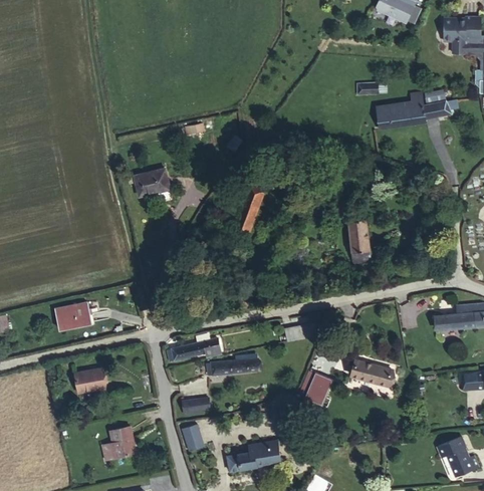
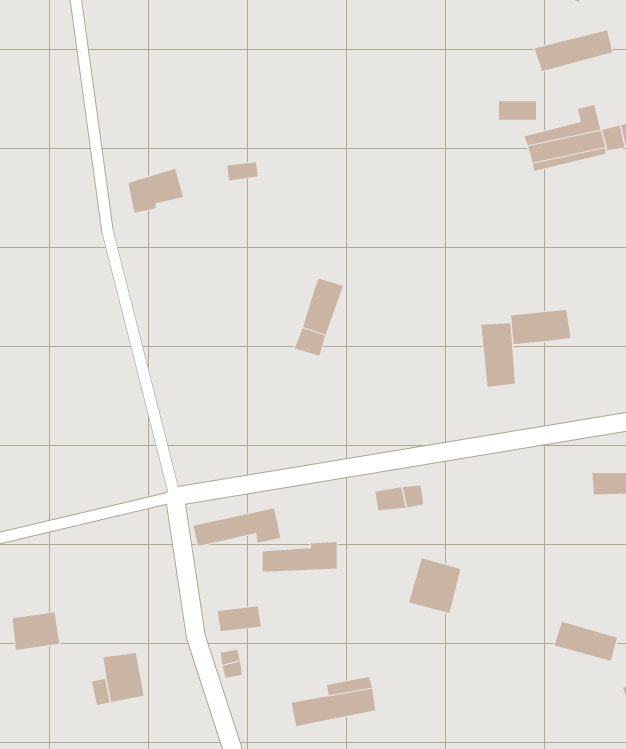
building: none -> [534,29,613,72]
building: [137,168,172,196] -> [127,168,184,213]
building: none -> [510,309,571,345]
building: [53,295,90,327] -> none
building: [350,361,391,387] -> [553,621,618,662]
building: [78,370,108,394] -> [12,612,60,650]

